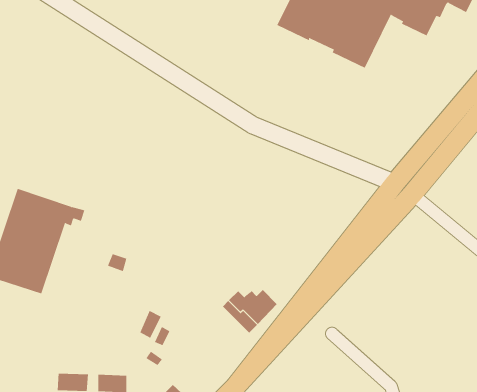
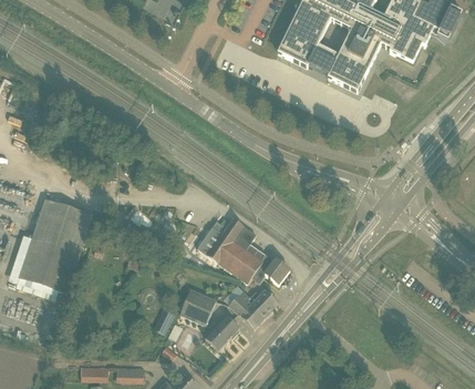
building: none -> [196,218,289,285]
building: none -> [179,288,216,326]
building: none -> [204,315,239,350]

